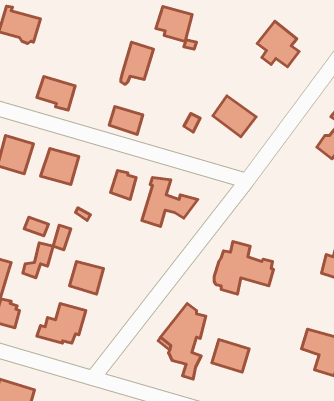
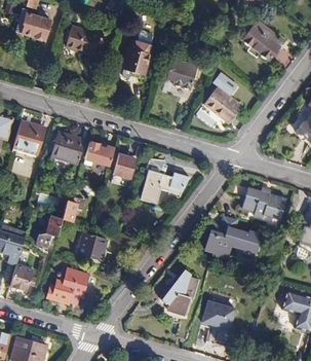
building: [156,6,192,41] -> [164,58,196,88]
building: [37,77,75,110] -> [67,26,101,56]
building: [109,107,143,135] -> [85,140,115,165]
building: none -> [241,186,285,219]

